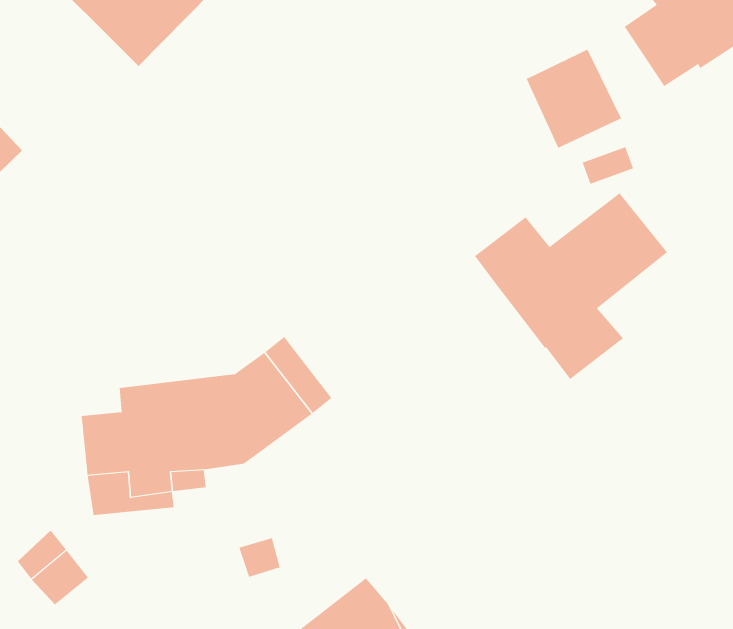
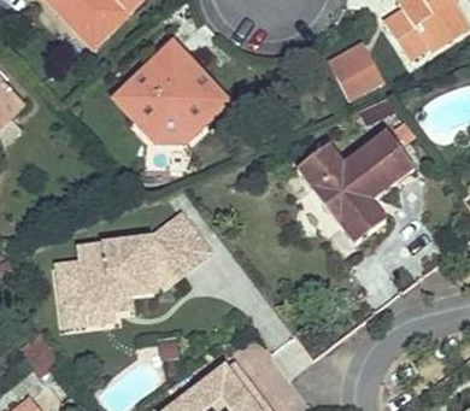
building: none -> [116,46,227,135]

